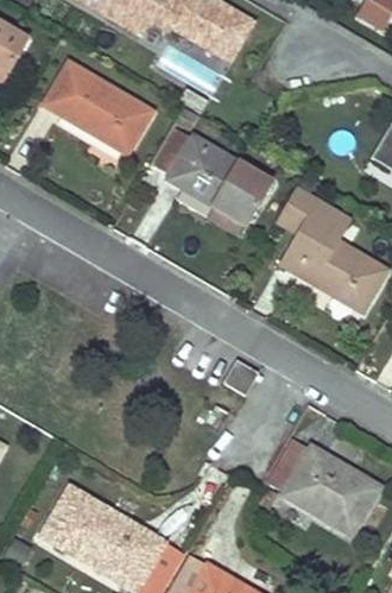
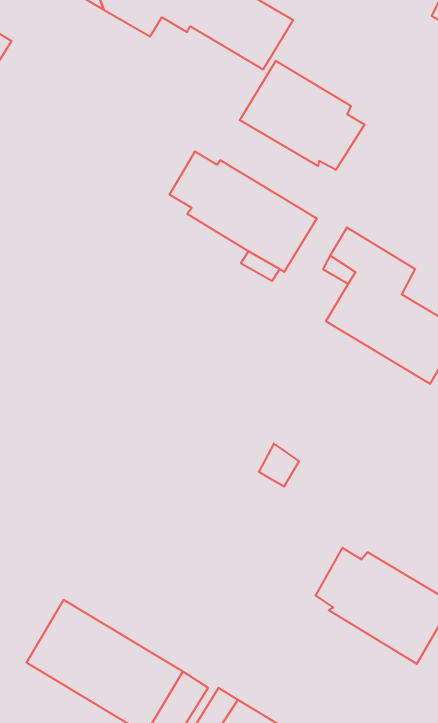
building: none -> [240,61,364,170]
building: [45,63,153,153] -> none

